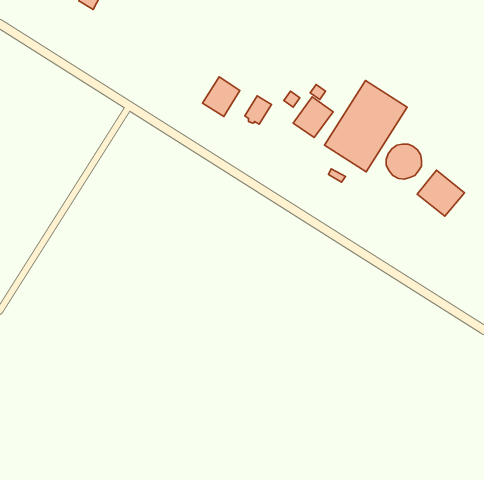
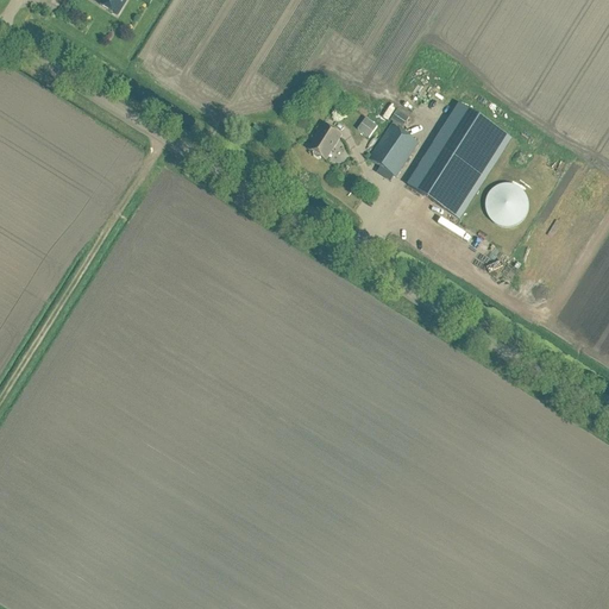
building: [202,77,240,117] -> none
building: [417,170,464,216] -> none

